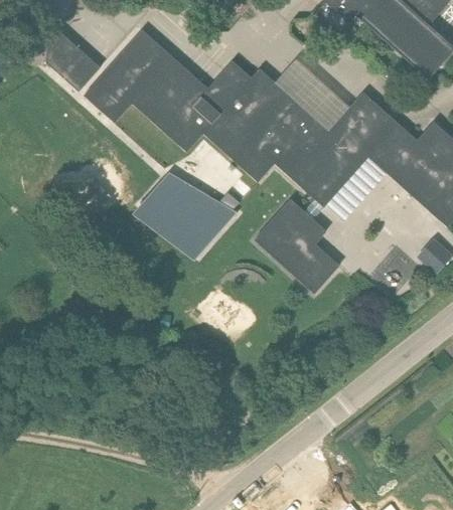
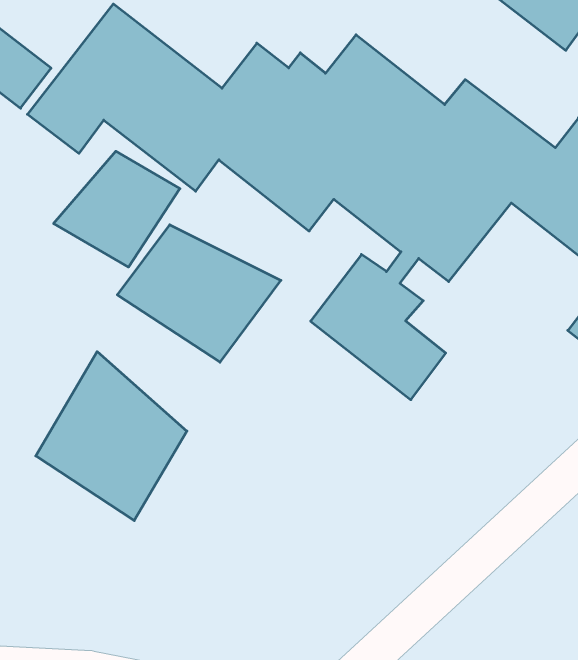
building: none -> [54,151,180,267]
building: none -> [36,352,187,521]

